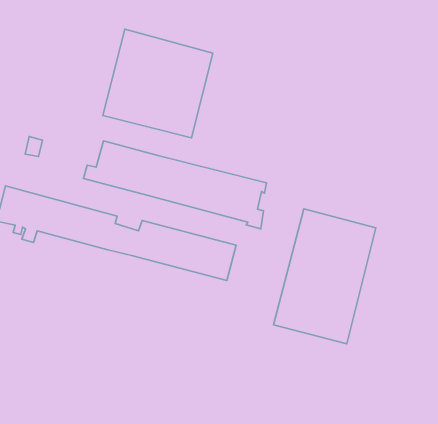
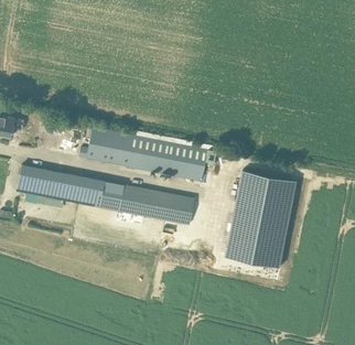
building: [103,29,213,138] -> none

